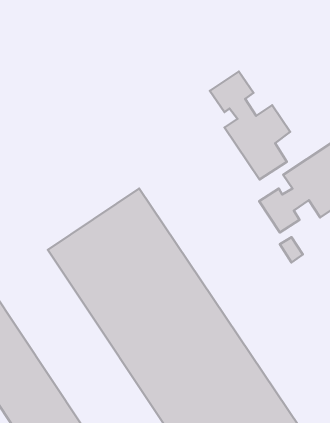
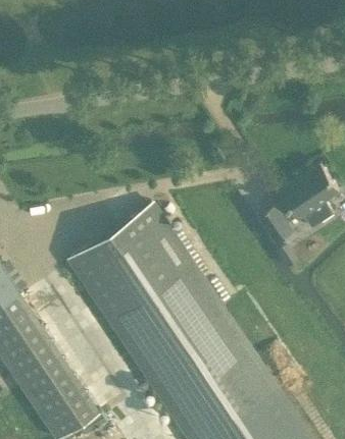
building: [210,72,290,180] -> none

